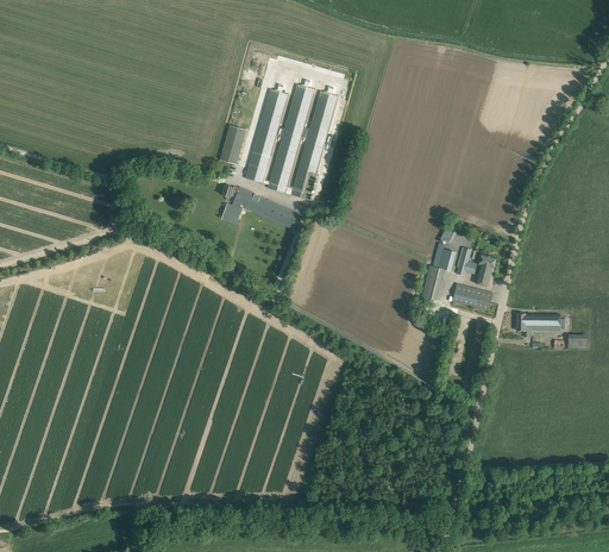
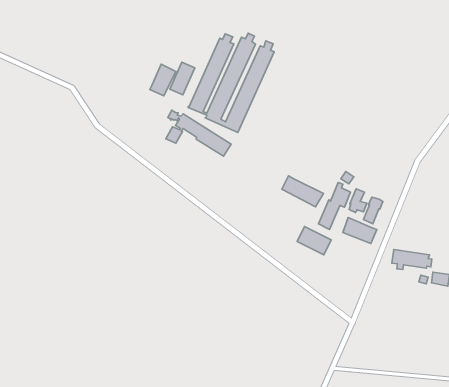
building: none -> [150,64,176,96]
building: none -> [282,176,324,207]
building: none -> [297,227,331,255]

